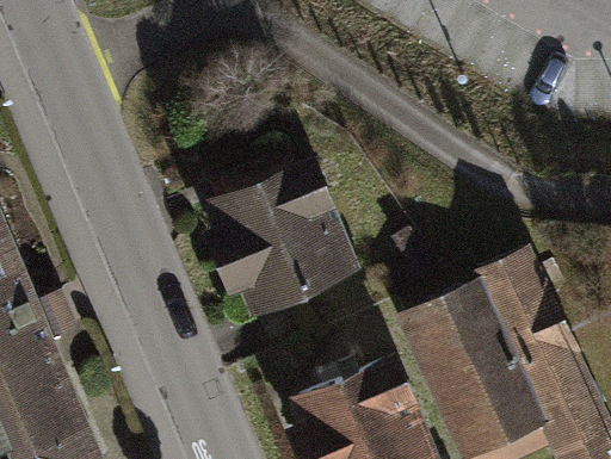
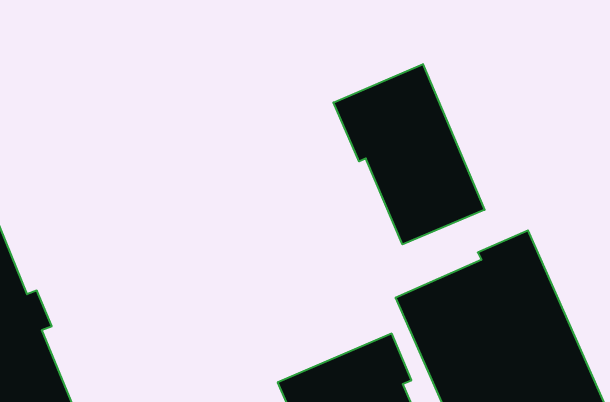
building: none -> [333,64,485,244]
building: [202,153,352,312] -> none

